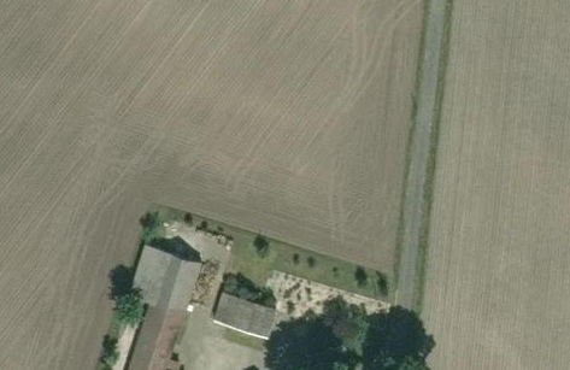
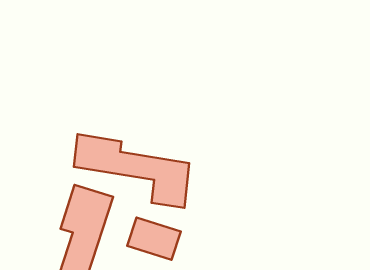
building: none -> [74,134,189,208]

